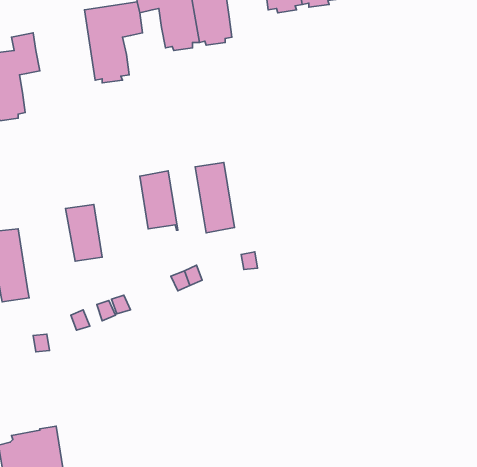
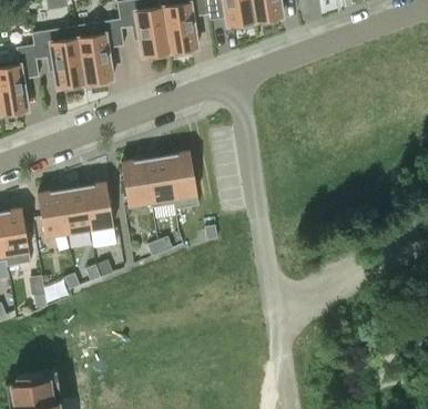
building: none -> [31,27,84,91]
building: none -> [144,155,175,209]
building: none -> [83,182,113,229]
building: none -> [37,190,68,237]

